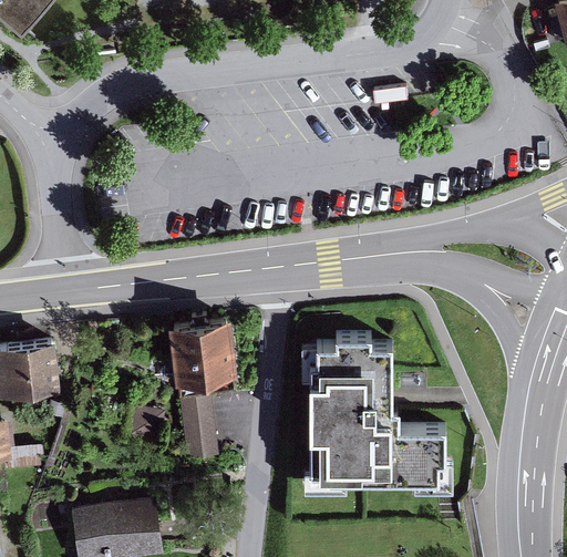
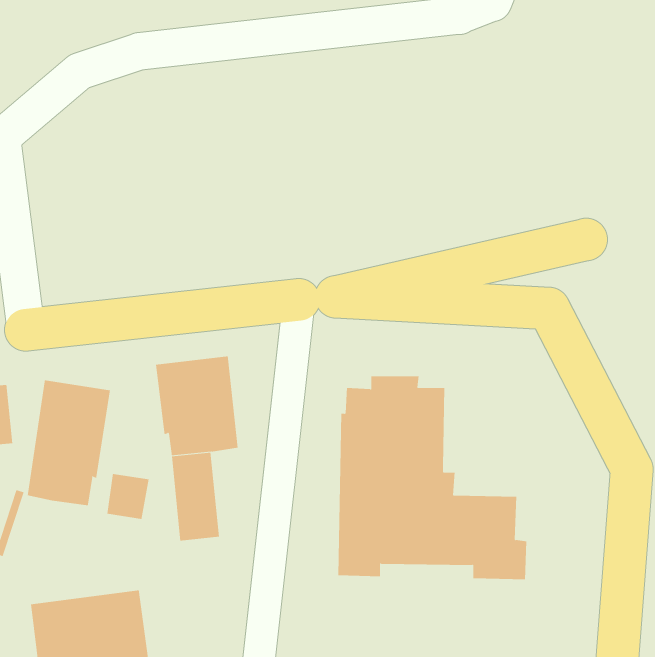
building: none -> [27,380,111,506]

